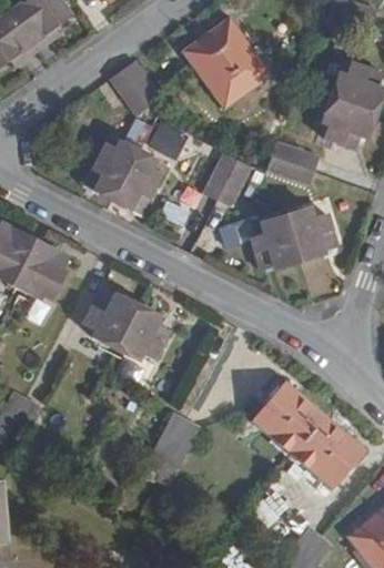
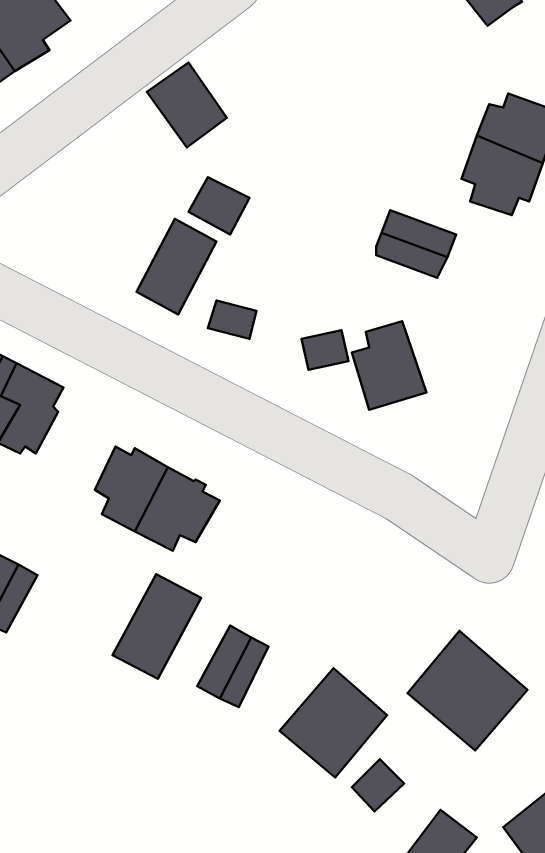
building: [182,17,271,109] -> none
building: [85,132,139,194] -> none
building: [206,152,254,205] -> none
building: [284,206,333,258] -> none
building: none -> [112,574,201,679]
building: [252,381,321,450] -> [280,668,387,778]

